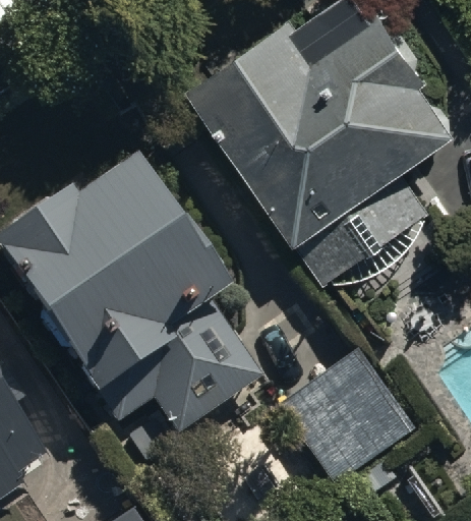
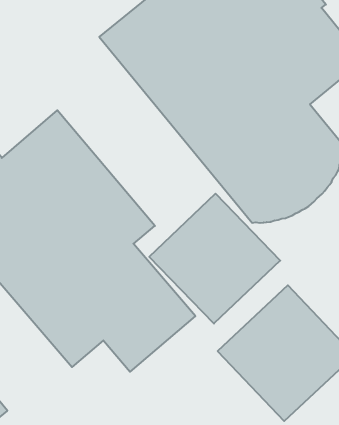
building: none -> [149,194,280,324]

